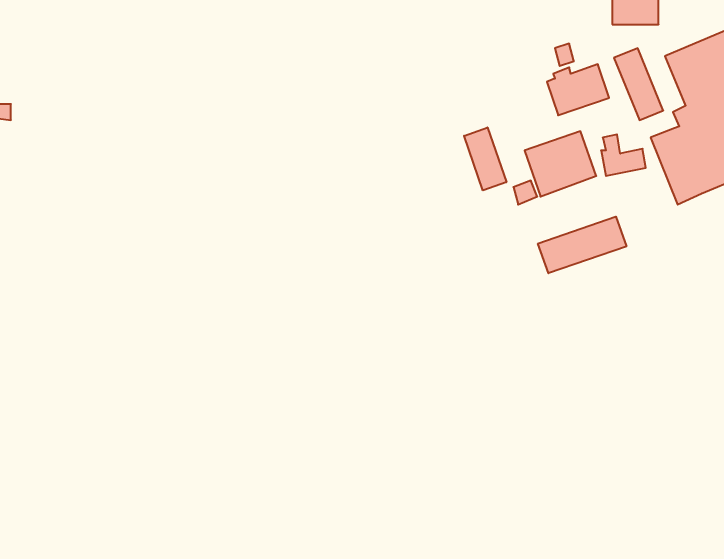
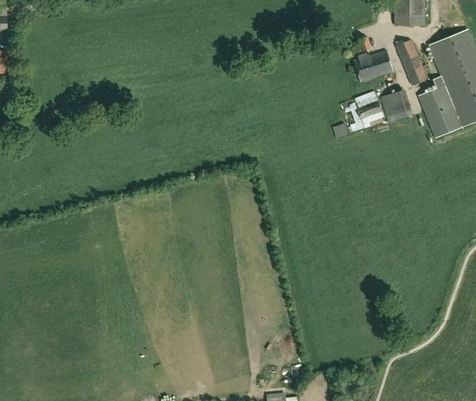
building: [464,127,506,190] -> none
building: [538,217,626,273] -> none

